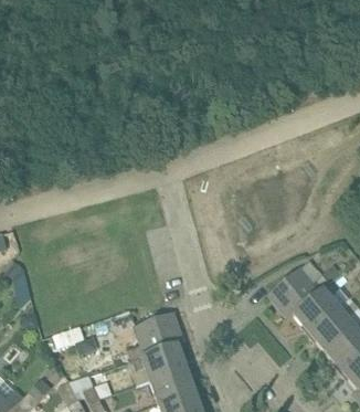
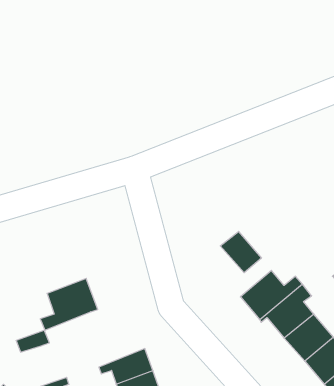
building: none -> [220,231,261,273]
building: [128,310,183,360] -> [40,278,98,330]

